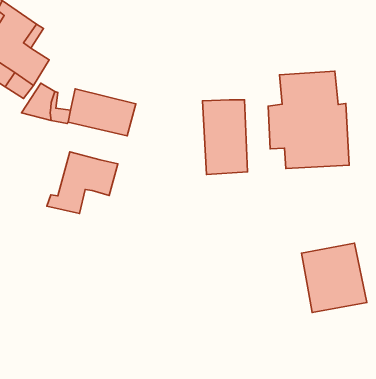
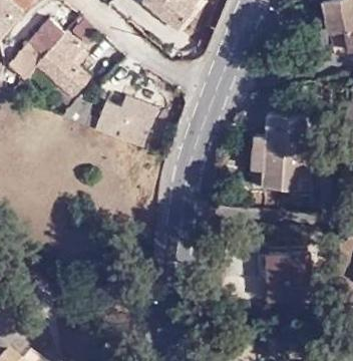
building: [202,100,248,175] -> none
building: [47,152,118,214] -> none

